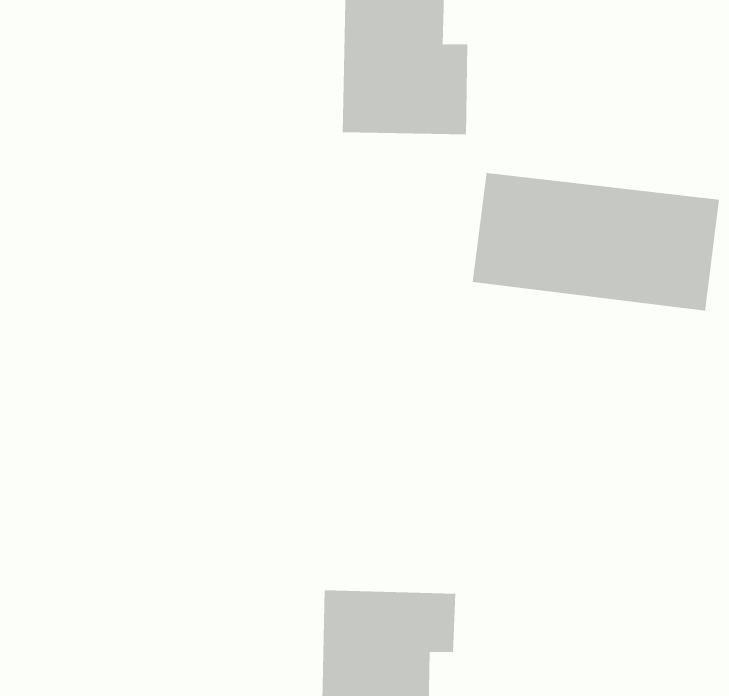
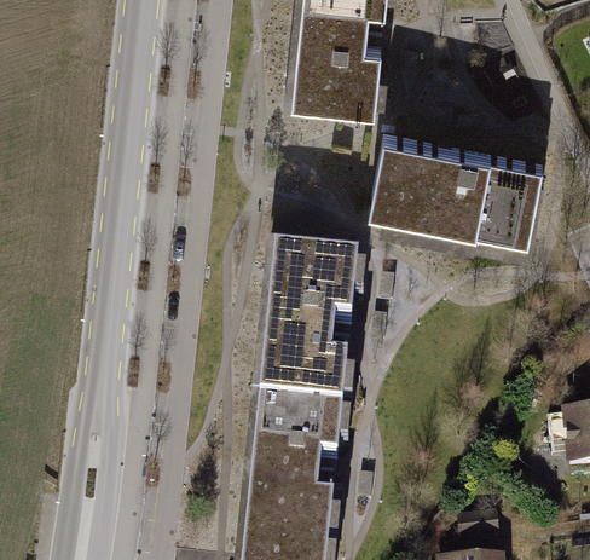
building: none -> [253,250,361,428]

